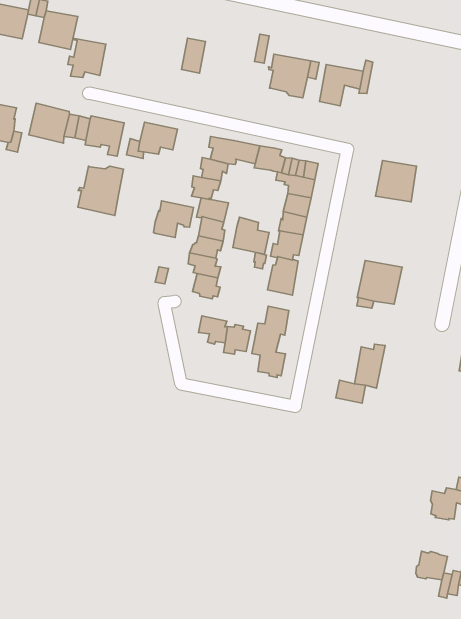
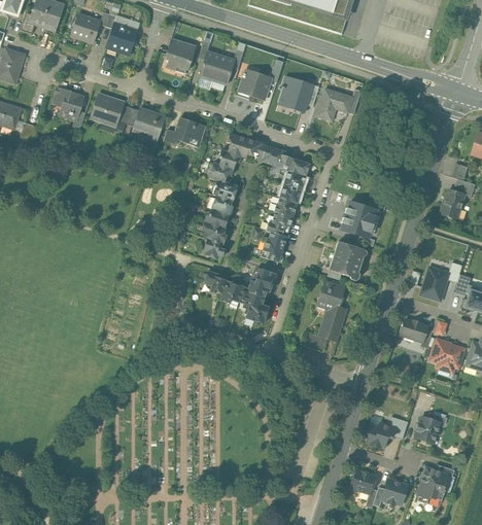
building: none -> [199,50,220,79]
building: [68,38,106,78] -> [165,38,196,69]
building: none -> [239,70,268,97]
building: [376,161,417,202] -> [342,202,376,236]
building: [78,166,124,215] -> none
building: [154,201,194,238] -> none
building: [233,217,269,254] -> none
building: none -> [317,280,344,310]

